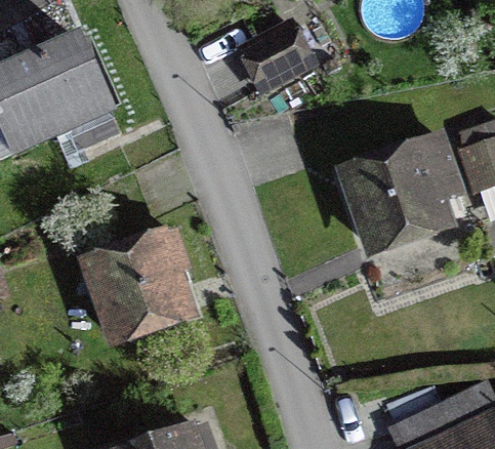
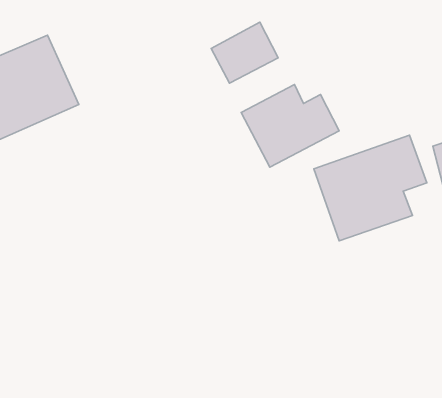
building: none -> [241,85,339,167]
building: [87,232,185,334] -> none

